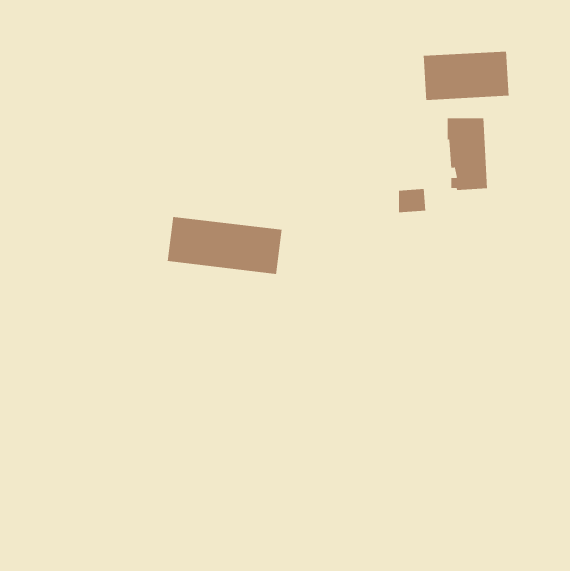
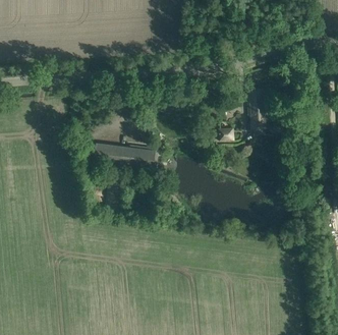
building: [423,51,509,101] -> none

